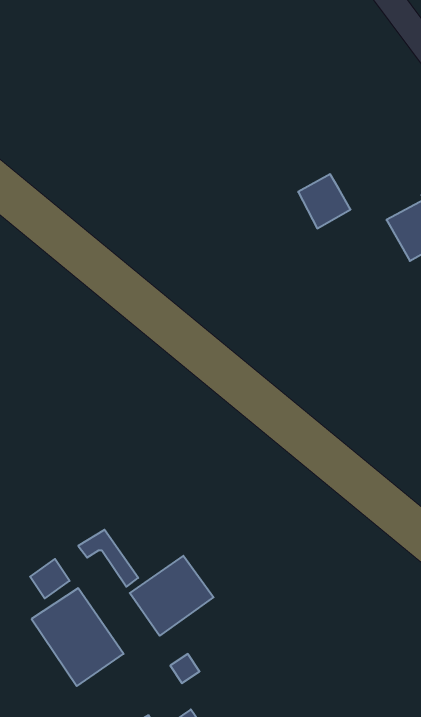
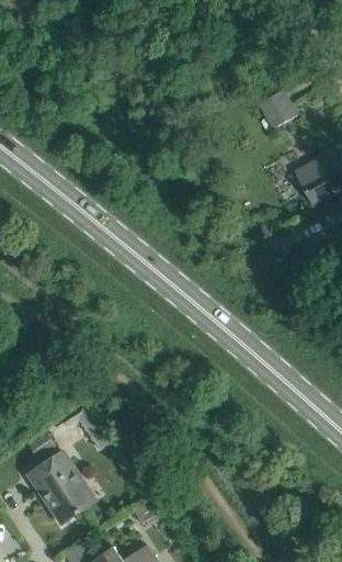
building: [298,174,351,228] -> [258,91,297,132]
building: [130,556,214,636] -> none

